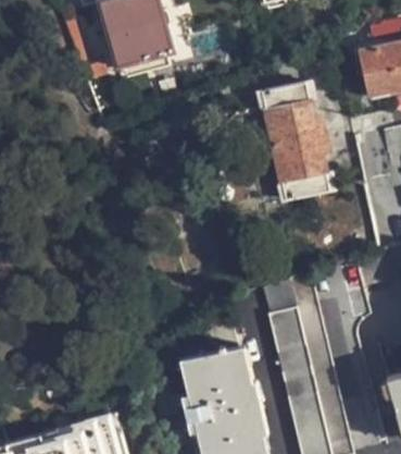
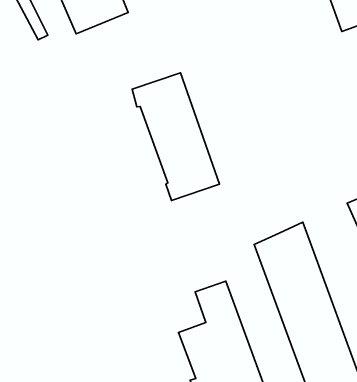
building: [255,84,327,205] -> [132,73,220,201]

